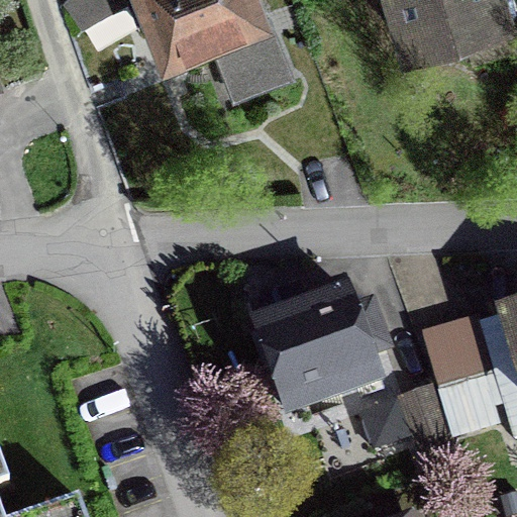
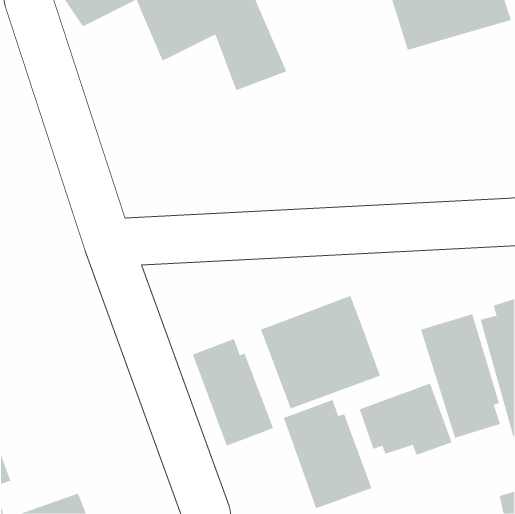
building: none -> [192,338,274,446]
building: none -> [283,399,372,509]

